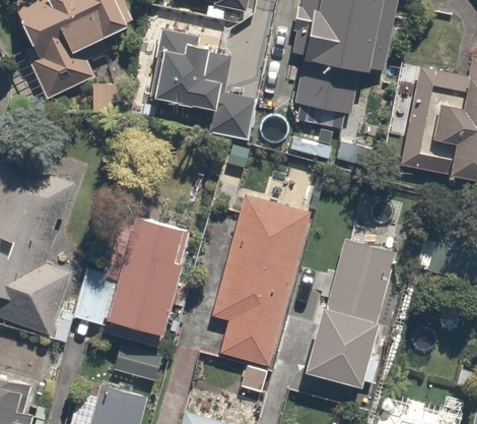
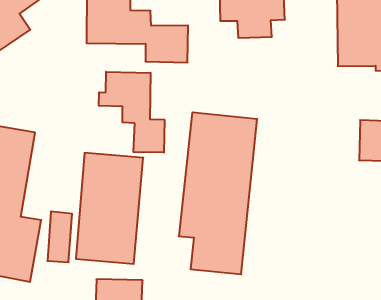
building: none -> [99,72,164,153]
building: [300,221,398,391] -> none

